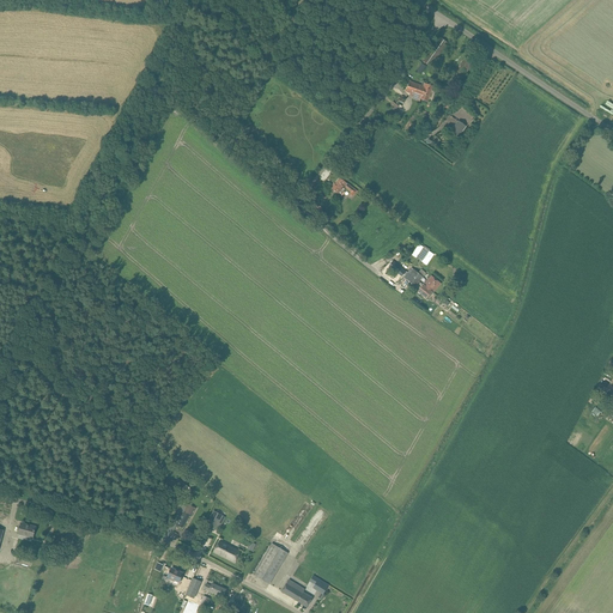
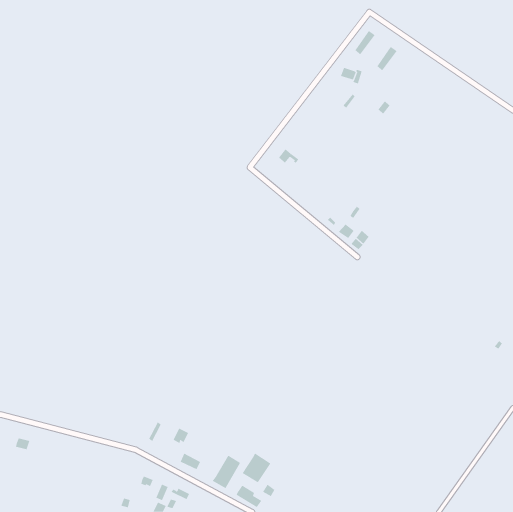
building: none -> [242,453,271,483]

